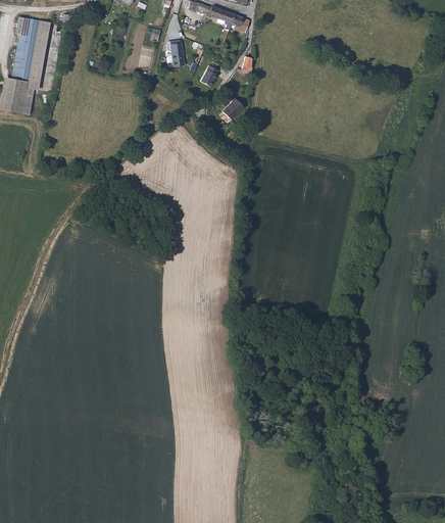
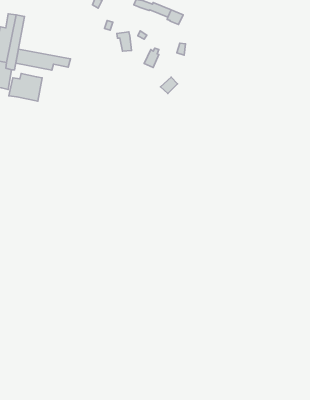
building: none -> [16,49,71,70]
building: none -> [9,74,42,101]

